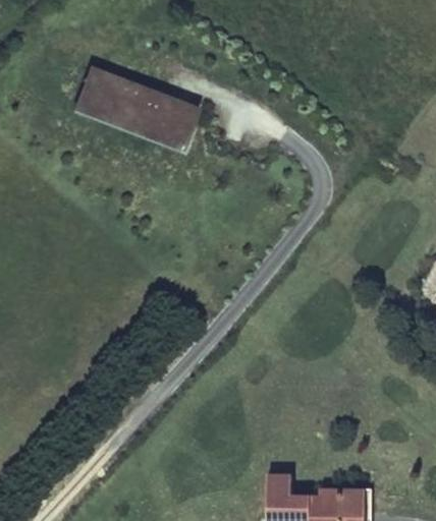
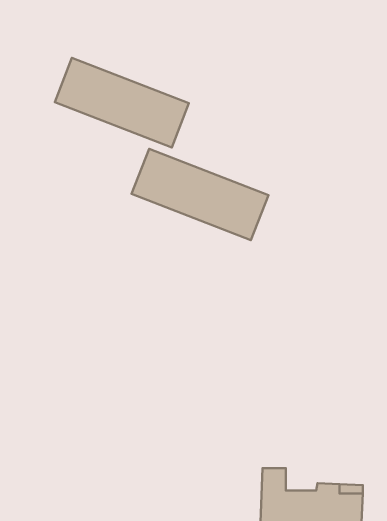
building: none -> [131,149,268,240]

